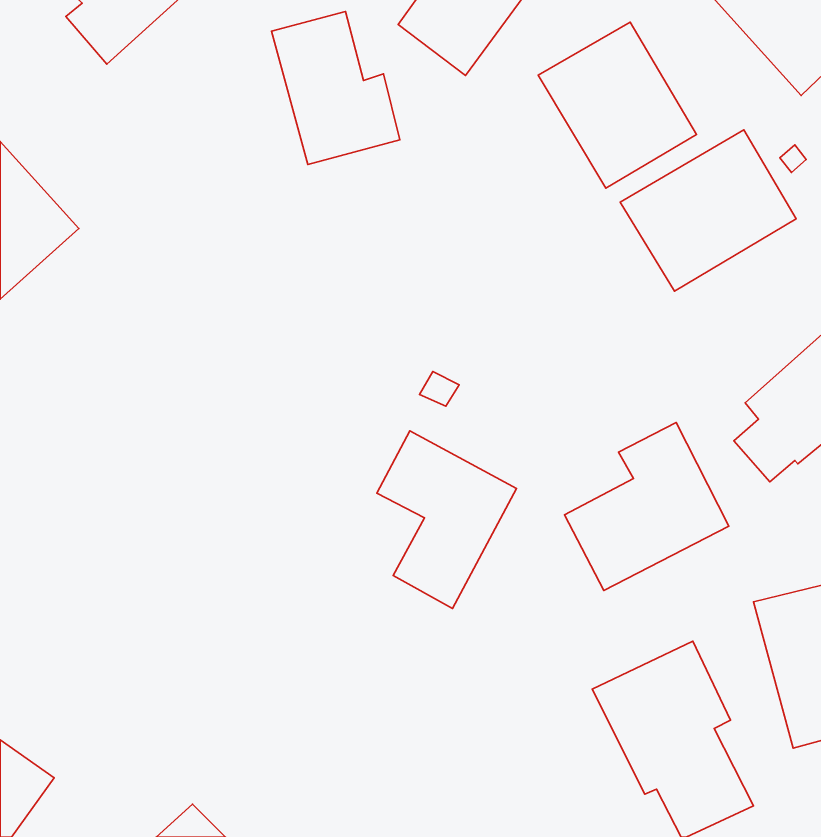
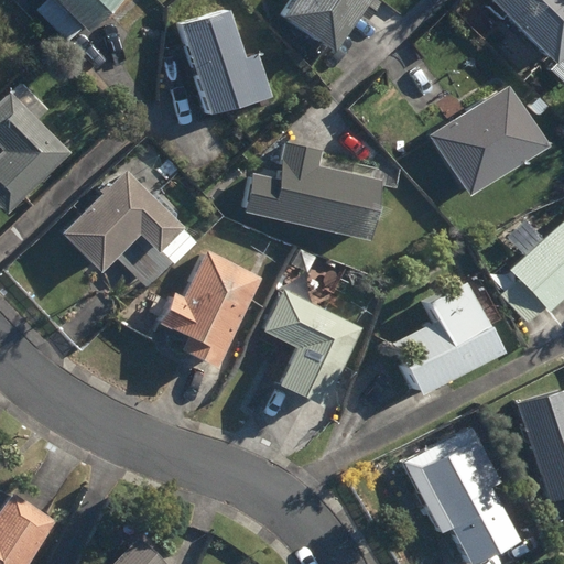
building: [538,22,697,188] -> none
building: none -> [245,143,379,241]
building: none -> [59,171,181,286]
building: none -> [159,250,261,368]

